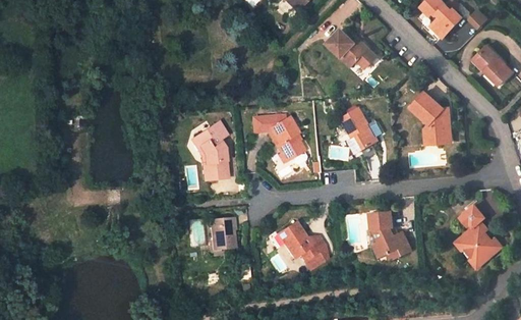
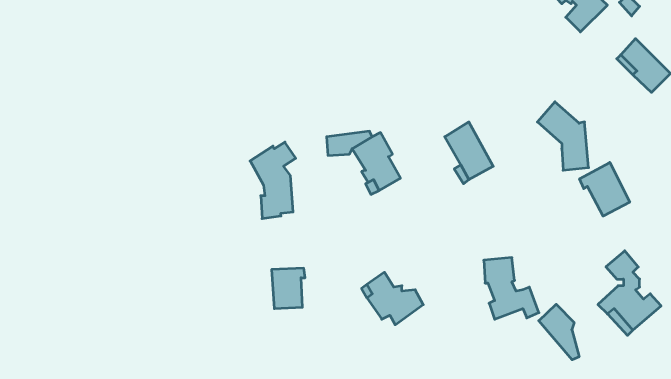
building: [327,30,375,68] -> none
building: none -> [580,162,630,216]
building: none -> [539,304,579,360]

